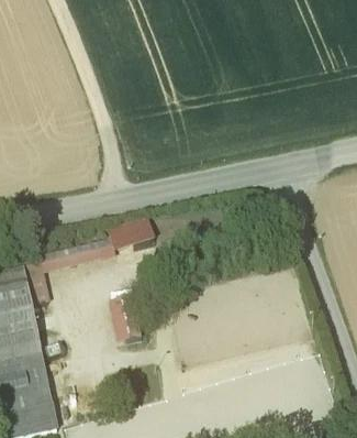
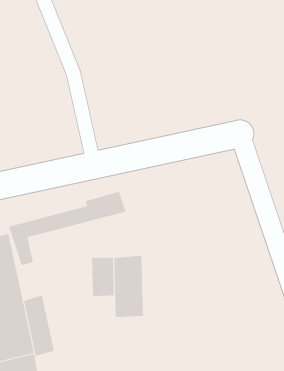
building: none -> [114,255,143,318]
building: none -> [24,295,54,356]

